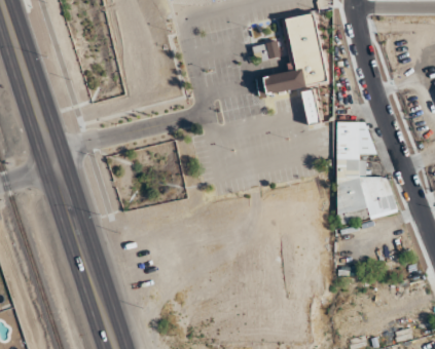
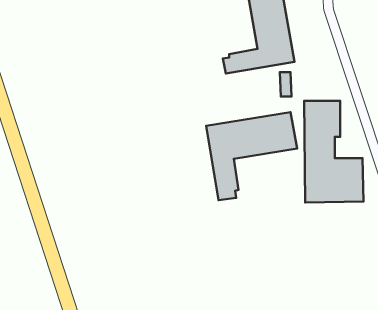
building: none -> [206,112,297,200]

